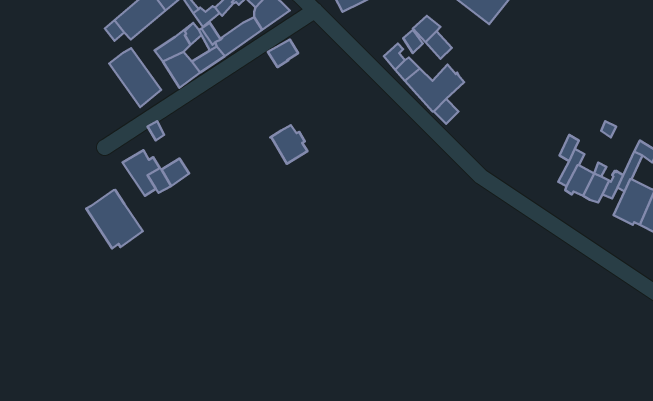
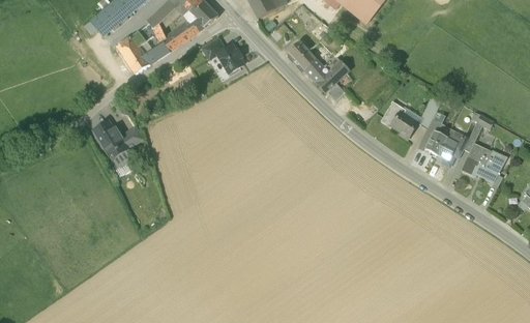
building: [109,48,161,107] -> none
building: [270,125,308,164] -> [216,43,244,72]
building: none -> [381,101,418,135]
building: [86,190,143,248] -> none

